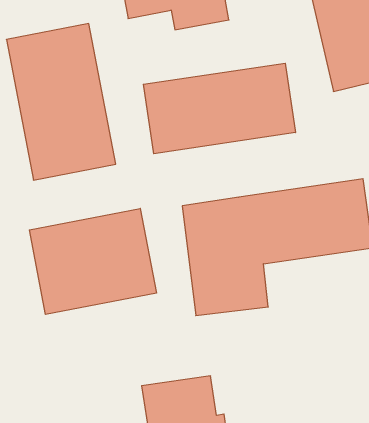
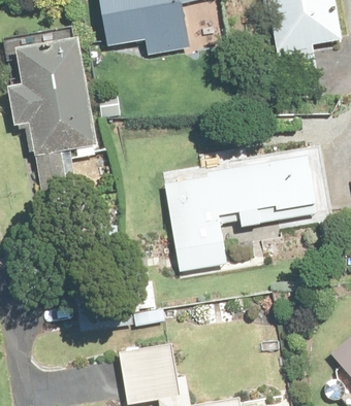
building: [143,63,295,154] -> none
building: [29,208,156,314] -> none

